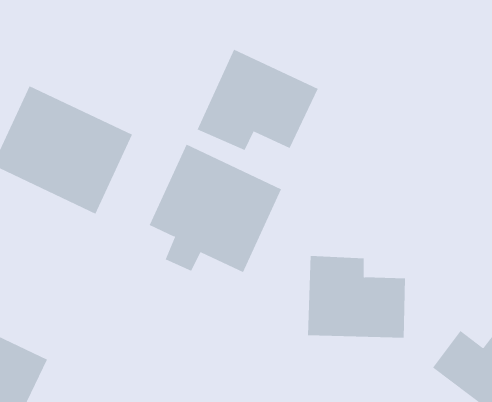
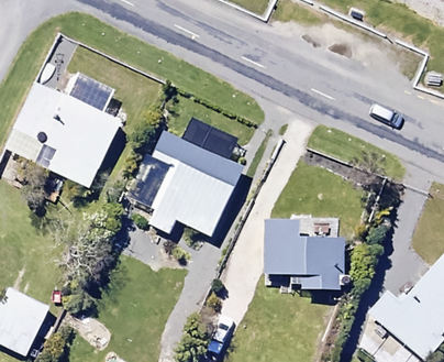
building: [197,49,318,151] -> none

